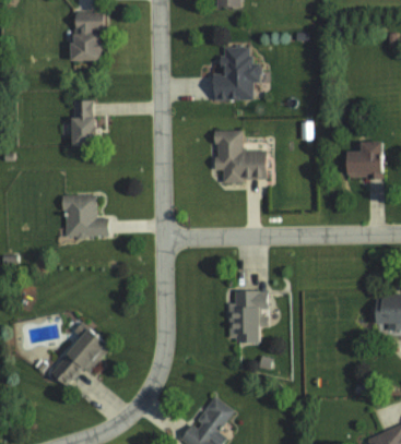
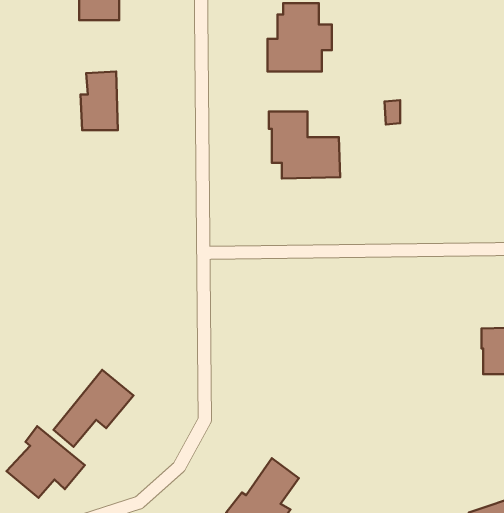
building: [344,141,384,179] -> none
building: [60,194,111,237] -> none
building: [231,290,269,341] -> none
building: none -> [7,426,85,498]

